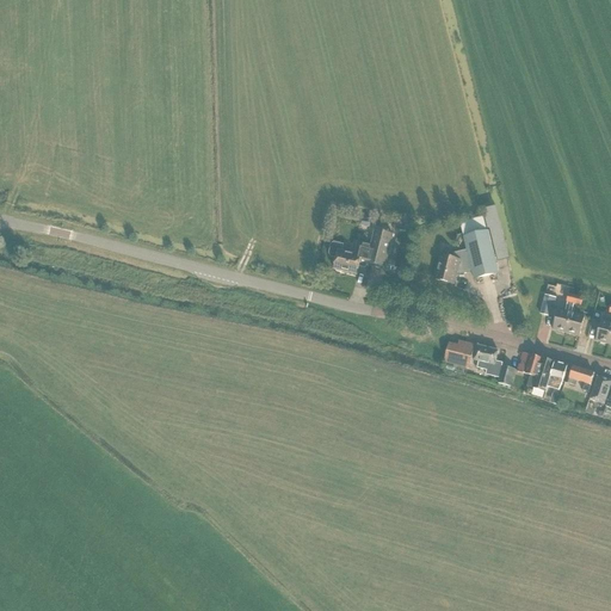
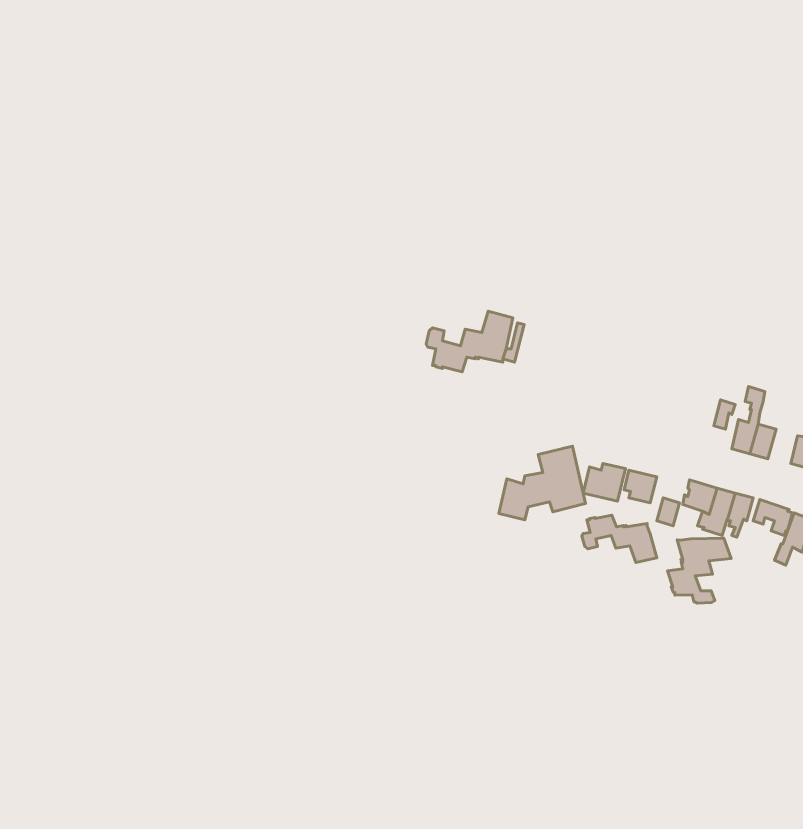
building: [434,229,498,283] -> [499,446,585,520]
building: none -> [582,515,657,563]
building: none -> [667,538,731,603]

